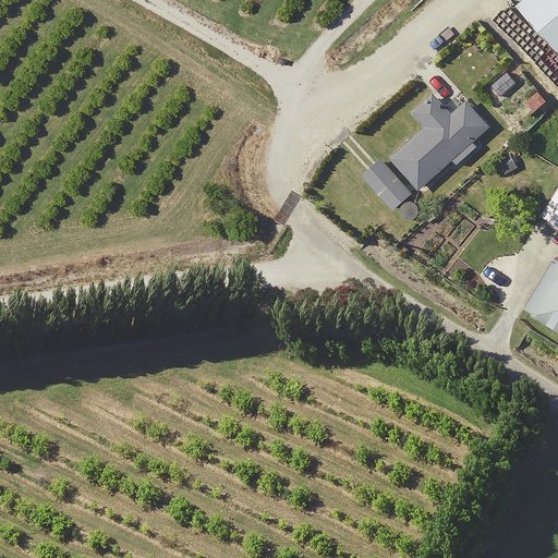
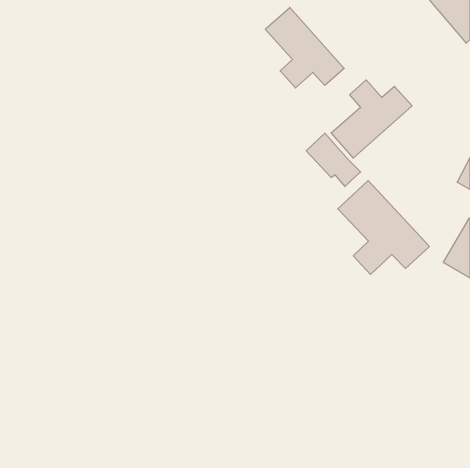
building: none -> [265,7,344,88]
building: none -> [338,181,429,274]

